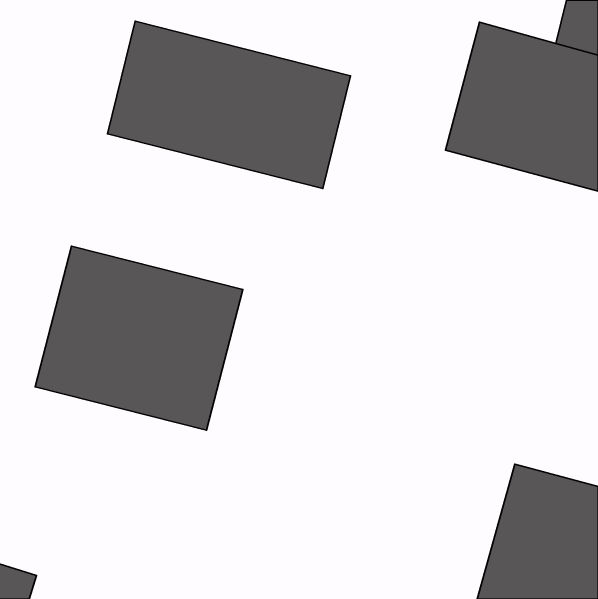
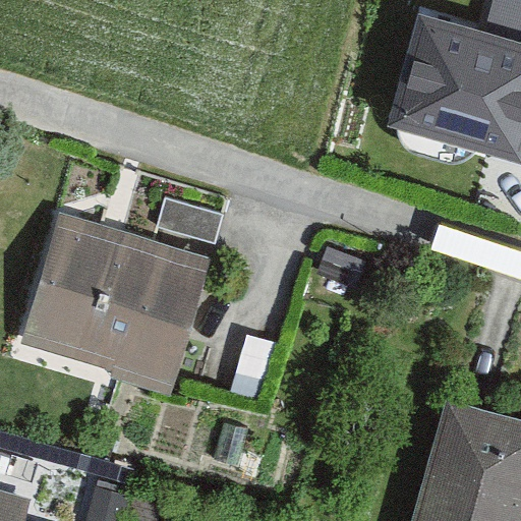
building: [107,21,351,188] -> none

